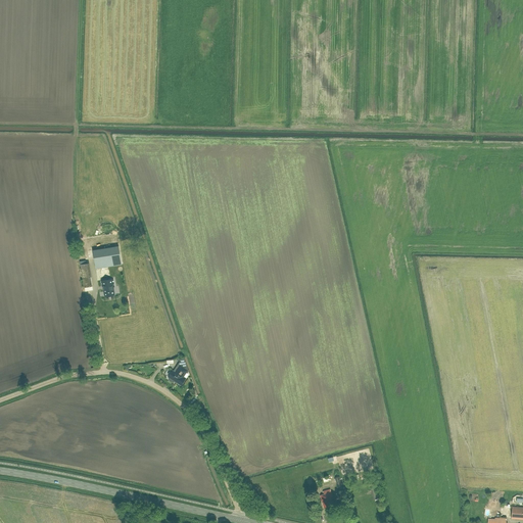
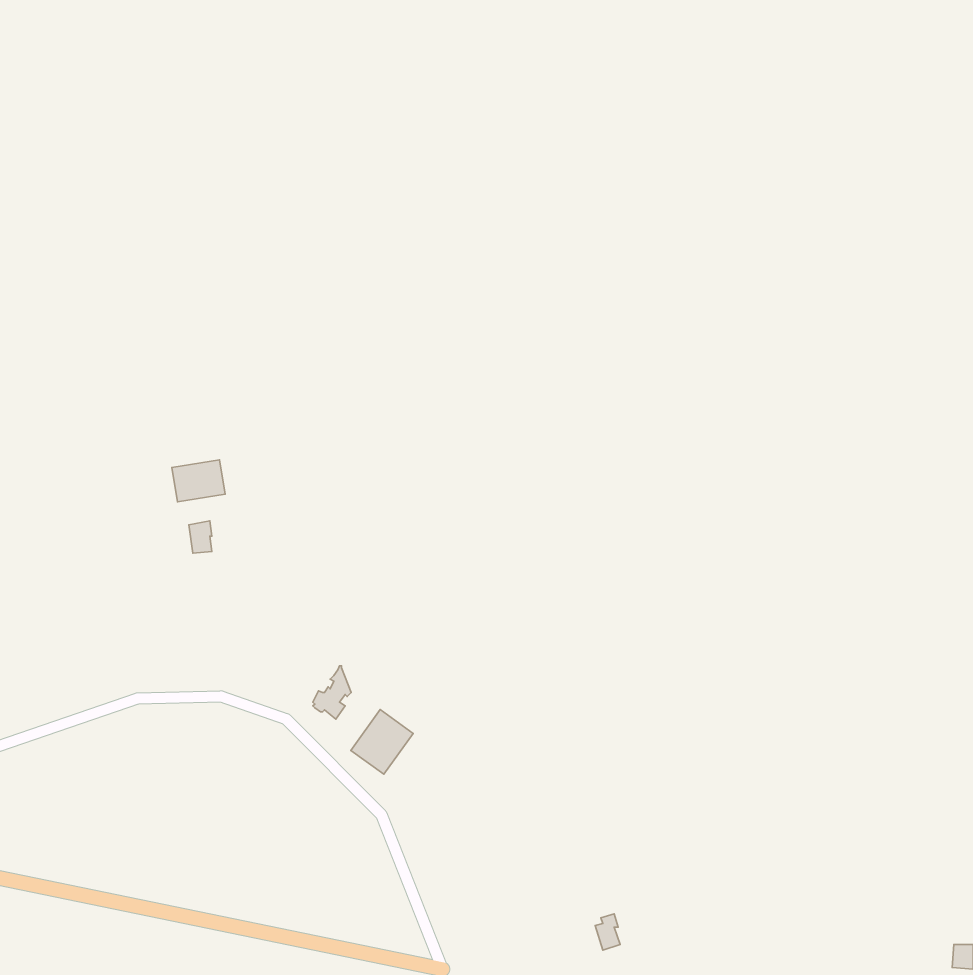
building: none -> [351,710,413,774]

